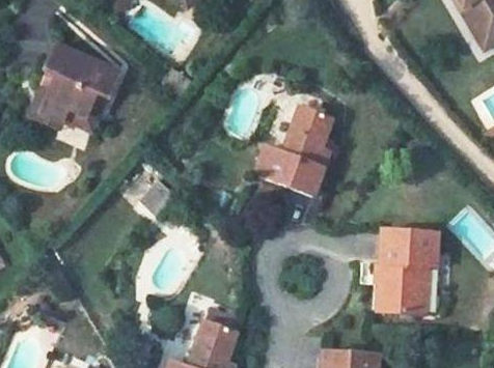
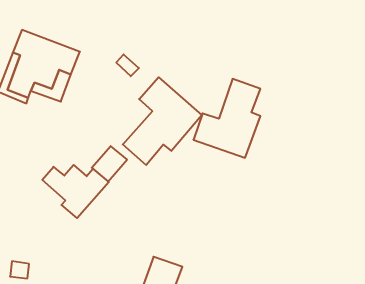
building: none -> [123,77,202,165]
building: none -> [42,165,109,218]
building: [377,226,436,312] -> none

